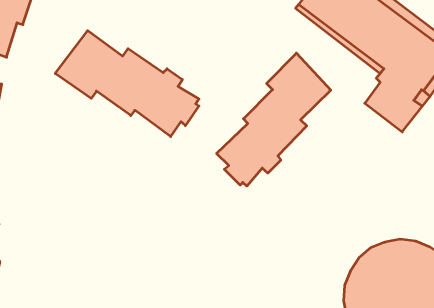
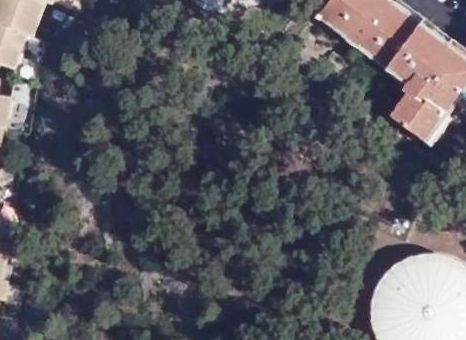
building: [55,31,199,137] -> none
building: [217,53,331,186] -> none

